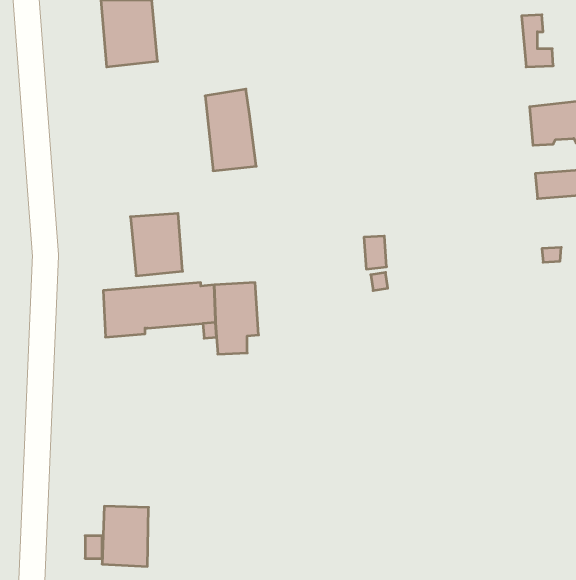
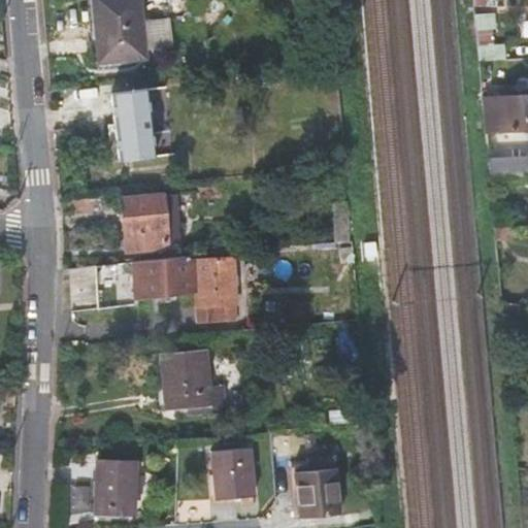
building: [205,89,256,171] -> [111,87,158,161]
building: none -> [163,348,226,415]
building: none -> [213,448,256,500]
building: none -> [295,459,341,519]

